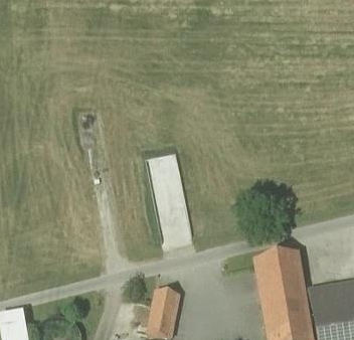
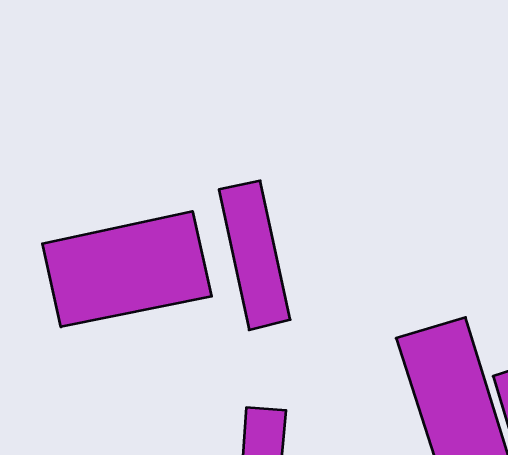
building: none -> [42,211,212,327]

